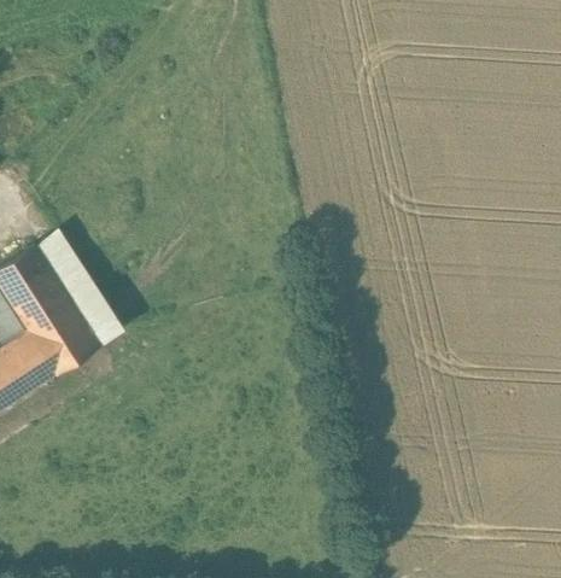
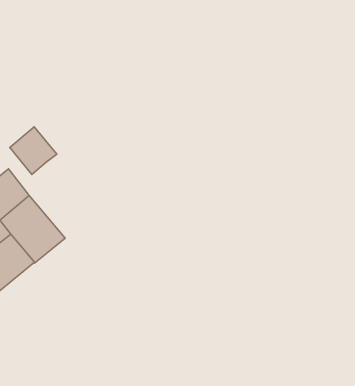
building: none -> [10,127,57,175]

